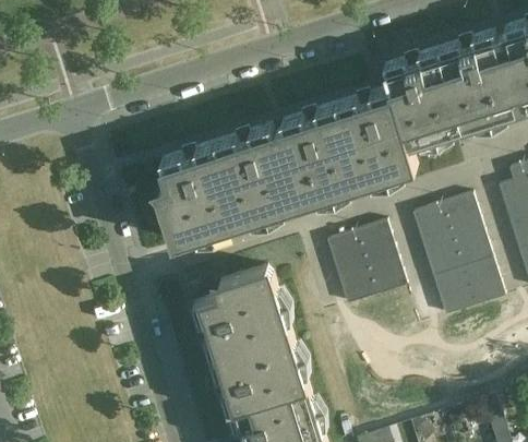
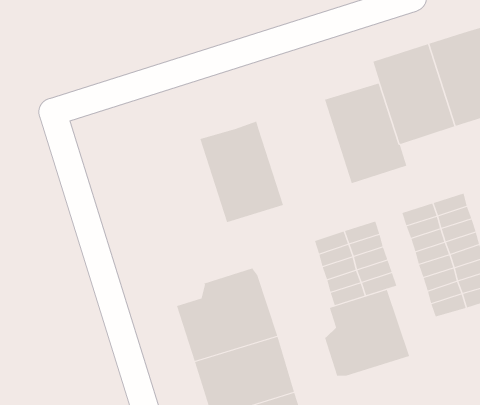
building: [272,103,361,205] -> none
building: [156,141,240,241] -> none
building: none -> [324,289,410,377]

